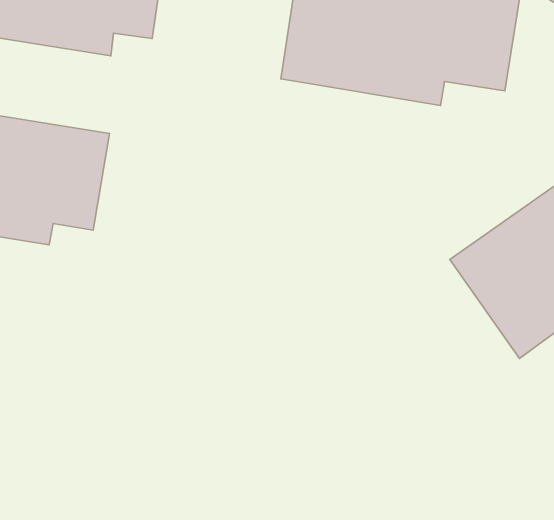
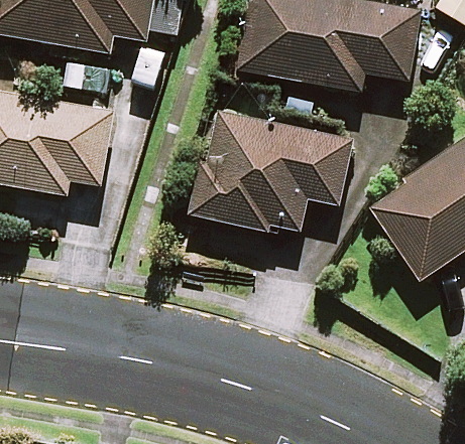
building: none -> [192,115,350,230]

